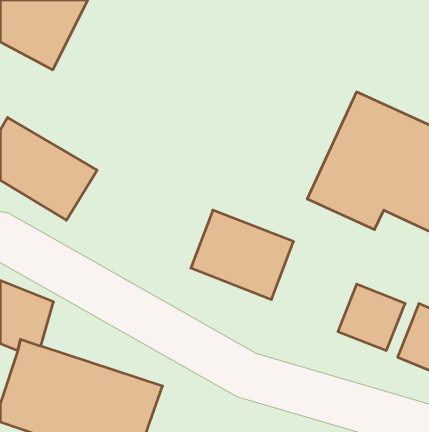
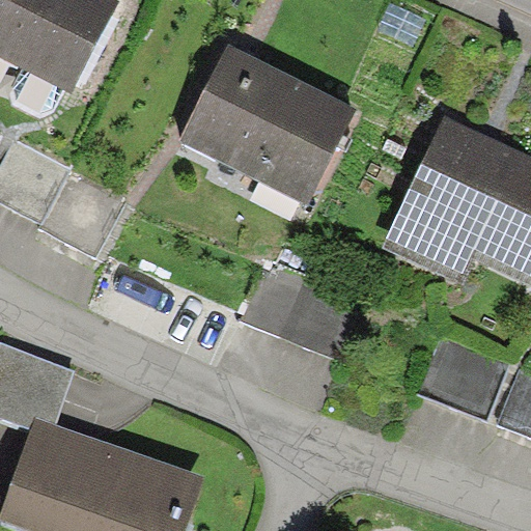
building: none -> [175,45,353,206]

